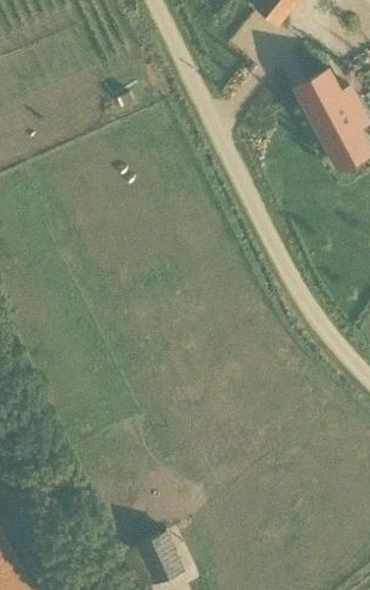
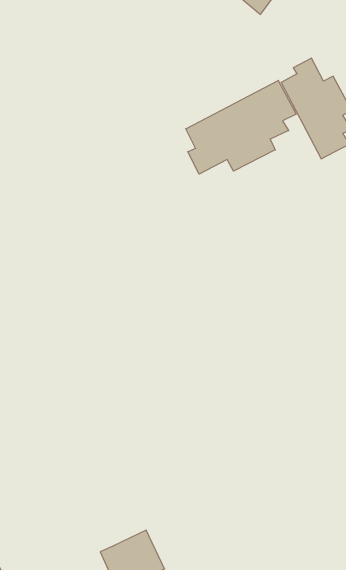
building: none -> [186,80,296,174]

